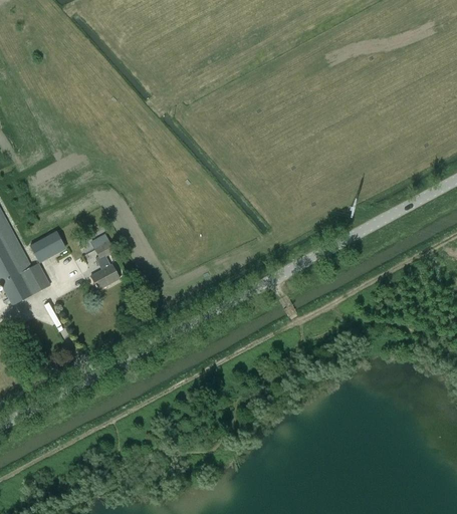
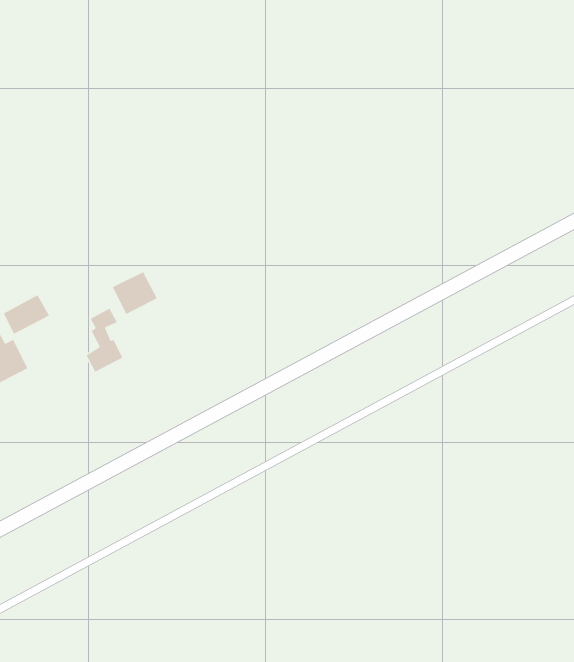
building: none -> [112,271,158,315]

